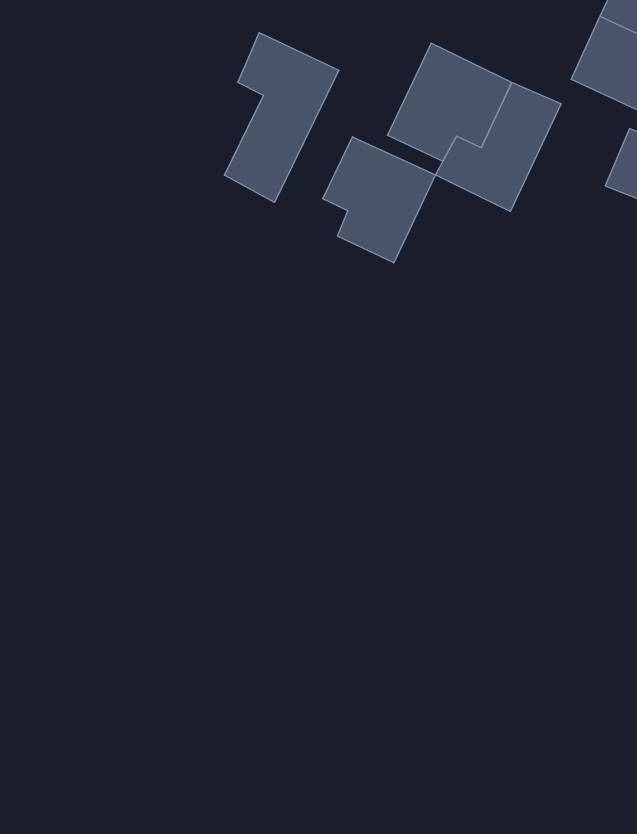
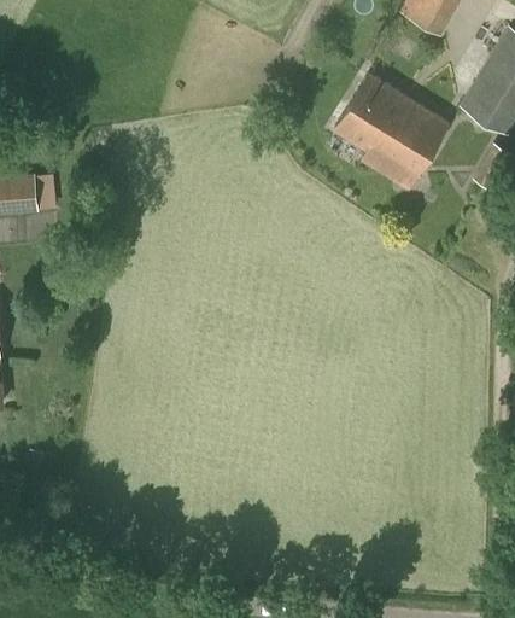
building: [224,33,339,202] -> none
building: [323,137,436,263] -> none

